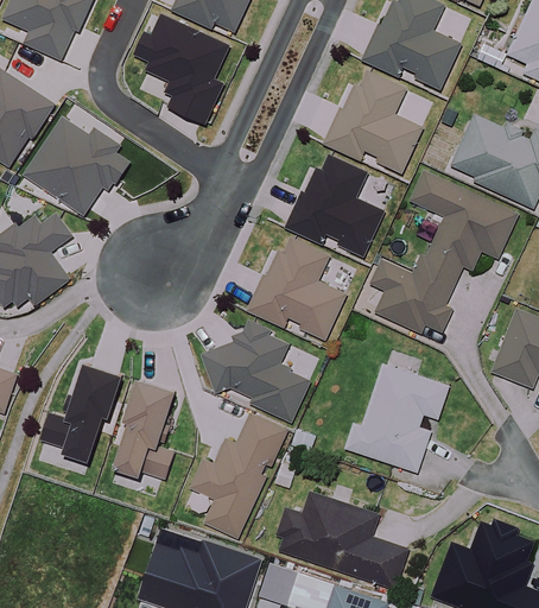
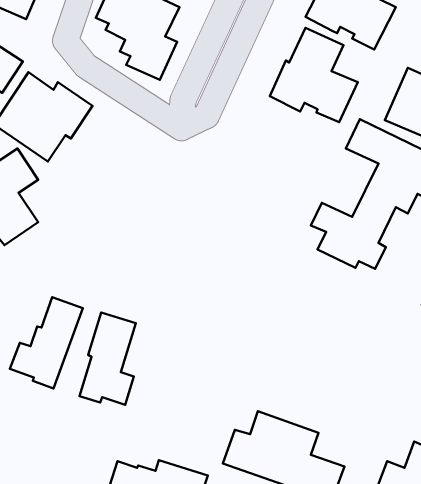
building: [288,154,382,258] -> none
building: [249,238,348,342] -> none
building: [203,322,310,424] -> none
building: [343,362,448,470] -> none
building: [186,412,286,537] -> none

